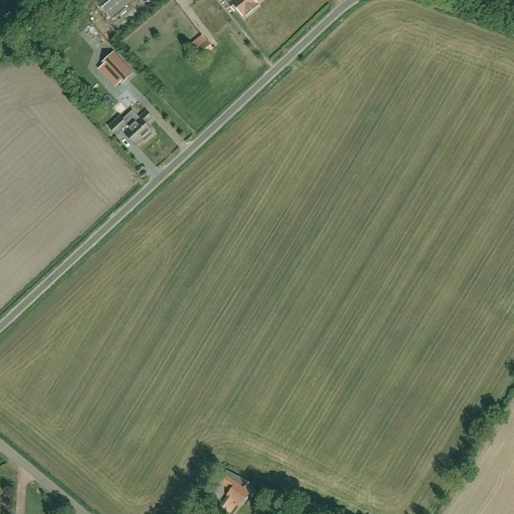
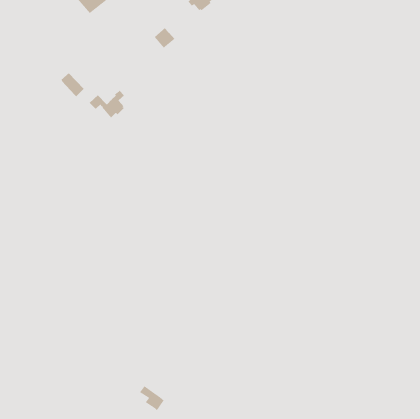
building: [103,51,133,81] -> [61,73,84,97]
building: [218,472,249,503] -> [139,386,165,411]

